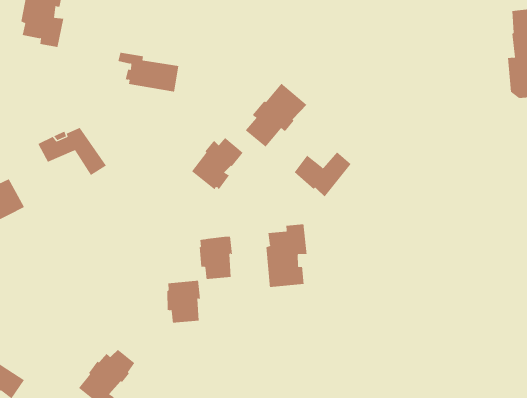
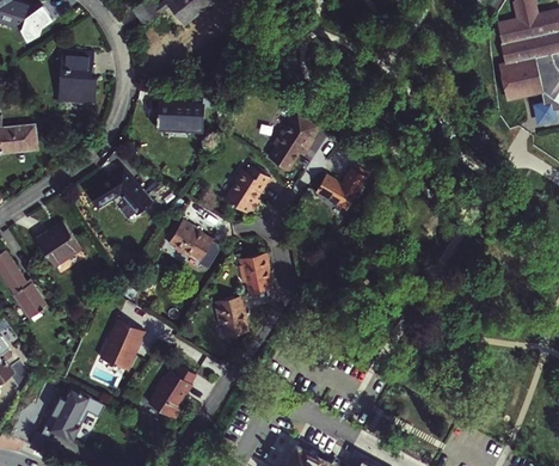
building: none -> [170,220,214,262]
building: [266,224,307,288] -> none
building: none -> [98,319,147,373]

